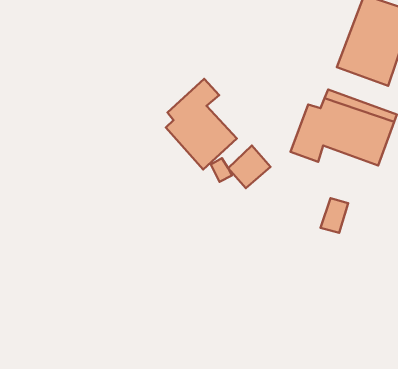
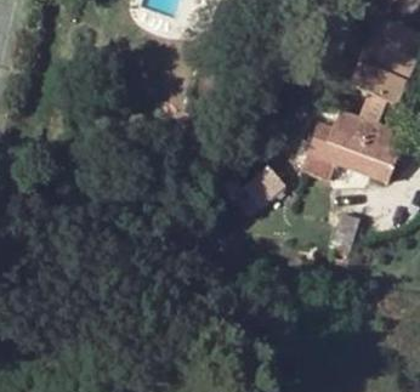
building: [166,79,237,170] -> none

